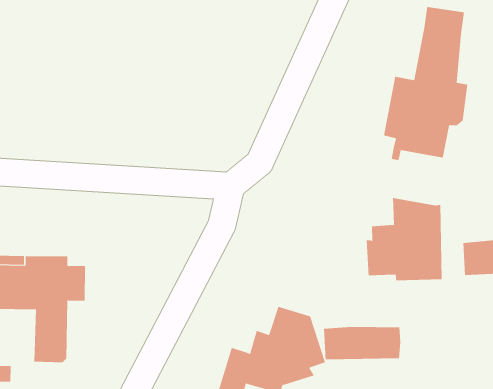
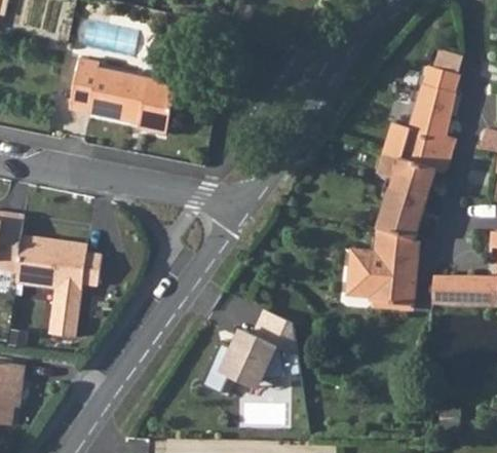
building: none -> [70,59,177,134]
building: none -> [377,188,426,239]
building: [323,326,401,360] -> none

